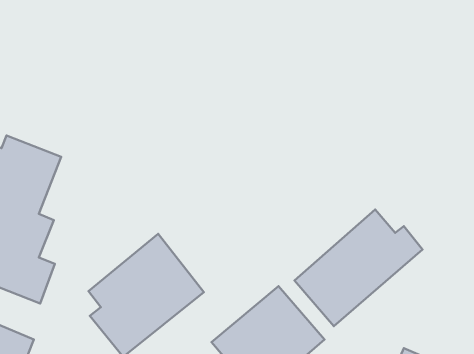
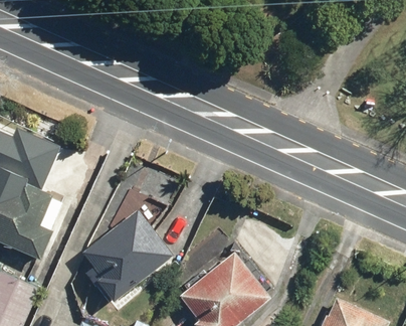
building: [295,209,423,326] -> none

